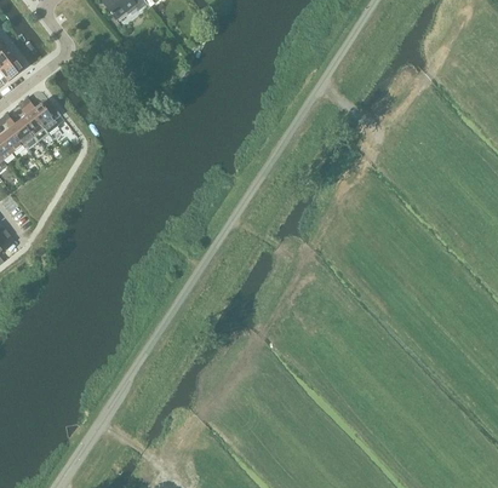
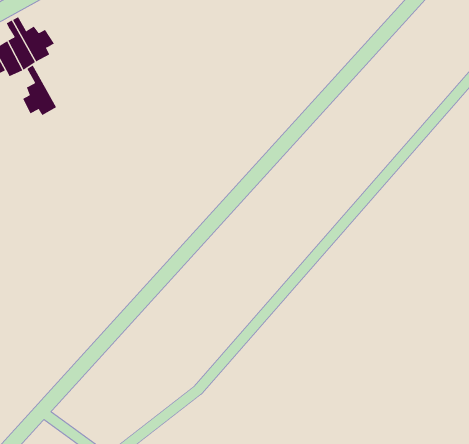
building: none -> [23,65,57,116]

